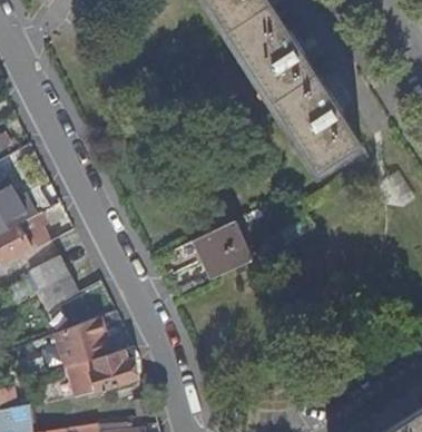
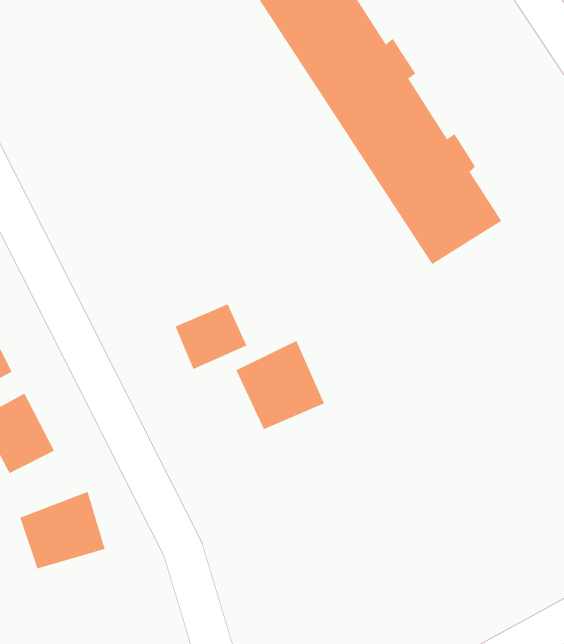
building: none -> [175,304,247,370]
building: [68,351,138,397] -> none

